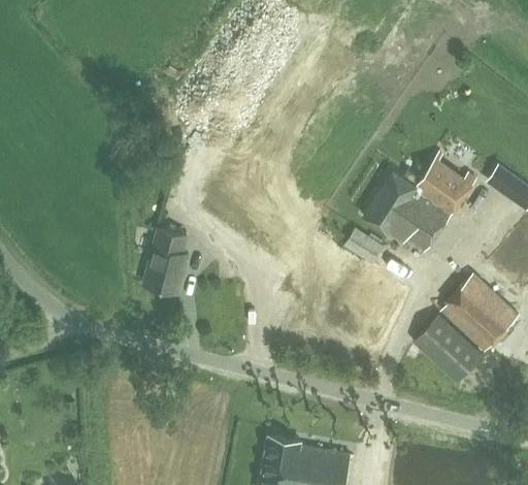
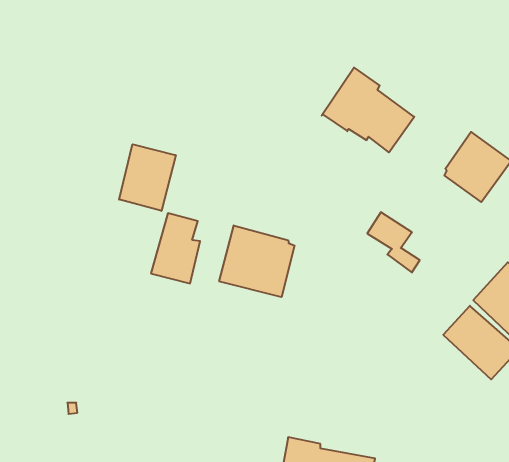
building: none -> [119,144,176,211]
building: [363,173,449,252] -> [322,68,414,152]
building: none -> [219,225,295,297]

